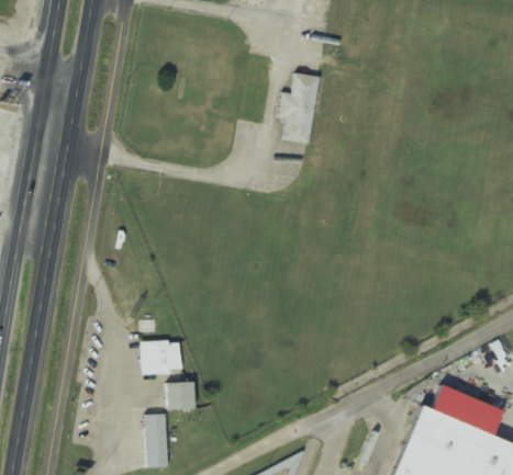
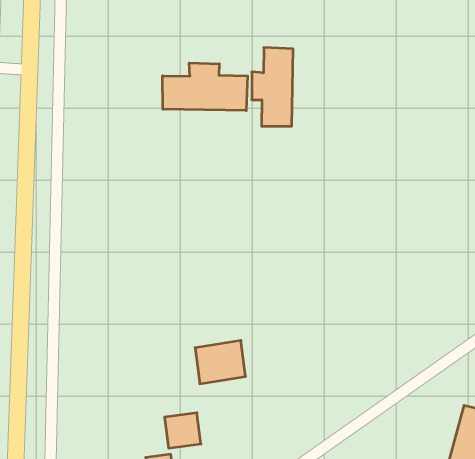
building: none -> [163,63,248,111]
building: [140,341,180,374] -> [195,340,246,384]

